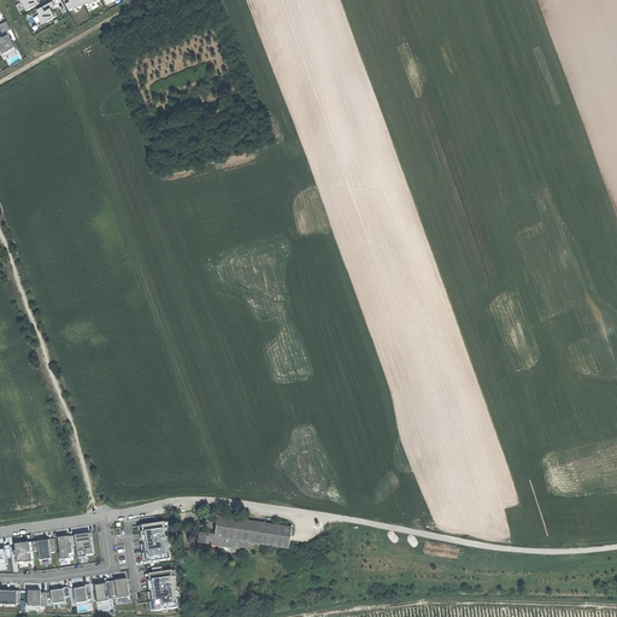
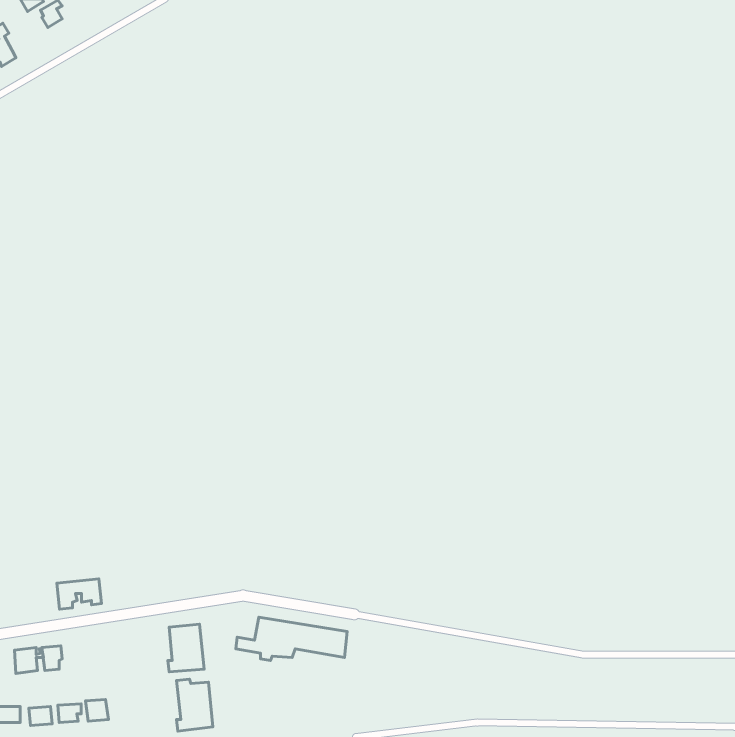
building: [54,533,92,558] -> [57,579,102,609]
building: [93,577,128,599] -> none

